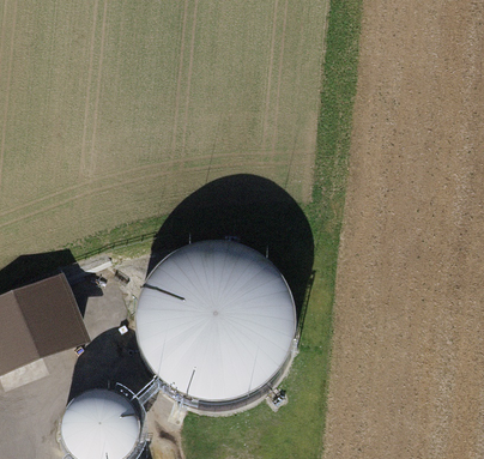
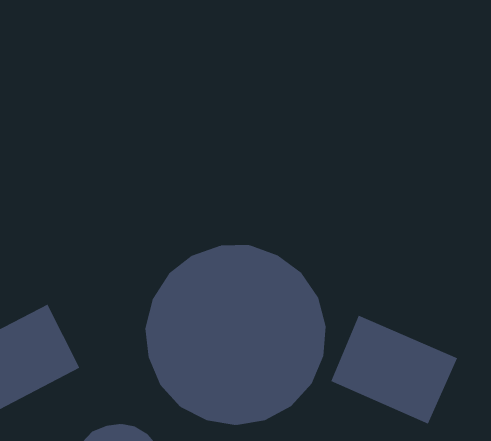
building: none -> [330,315,458,424]

